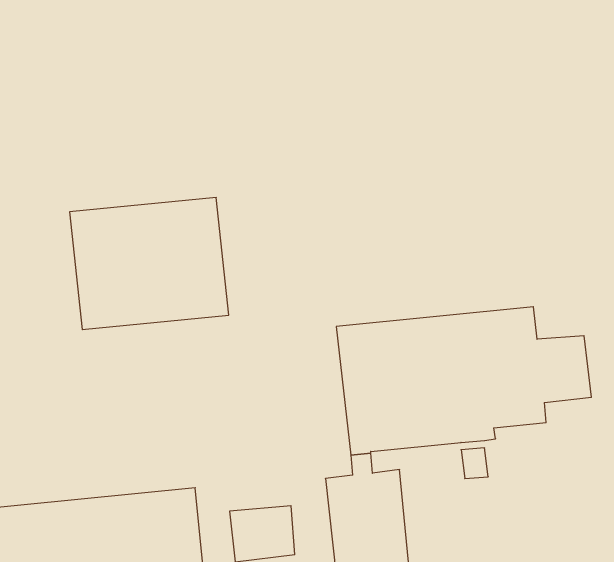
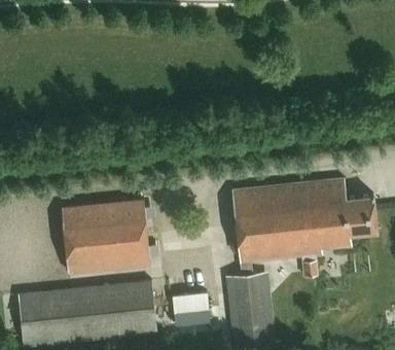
building: [70,198,229,330] -> [60,198,150,273]

